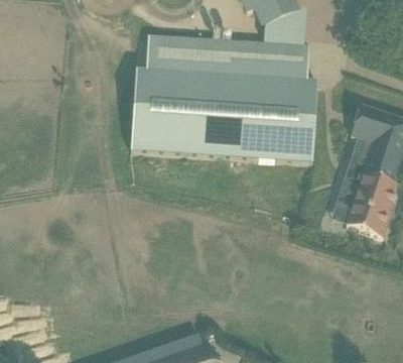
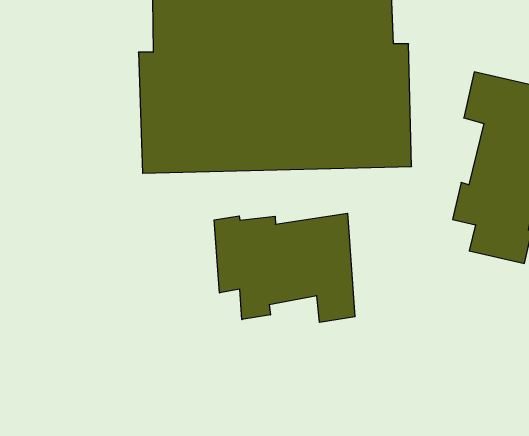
building: none -> [214,213,355,322]

